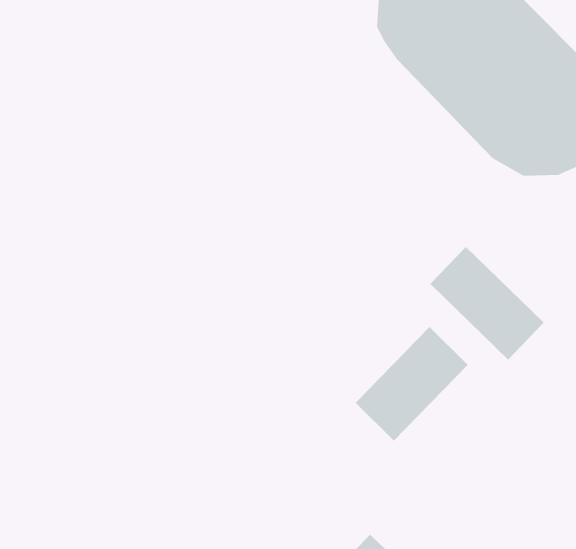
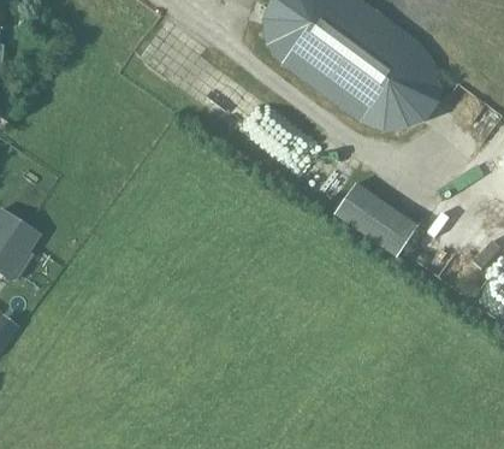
building: [355,326,468,441] -> none

